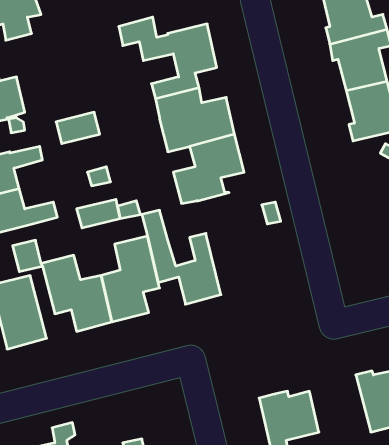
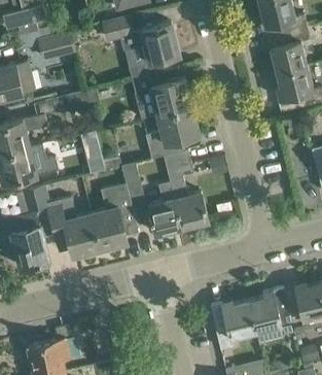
building: none -> [40,33,74,58]
building: none -> [165,150,209,228]
building: none -> [249,288,295,335]

